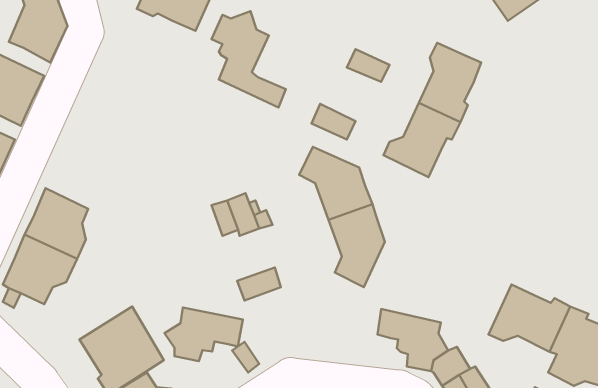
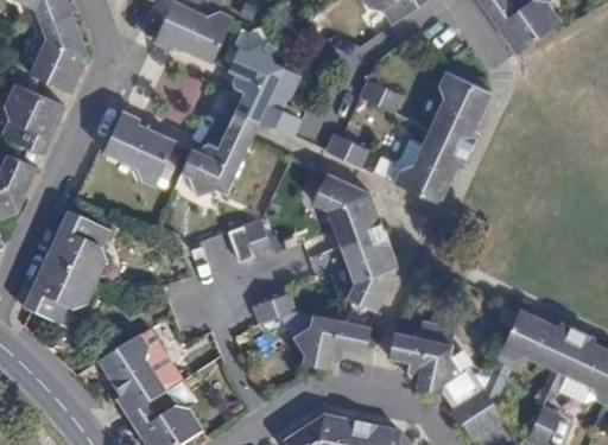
building: none -> [102,109,176,184]
building: none -> [179,126,249,193]
building: [165,307,243,361] -> [292,313,368,365]

